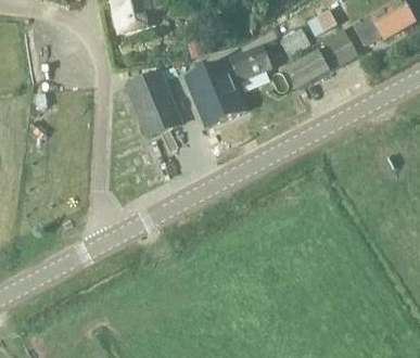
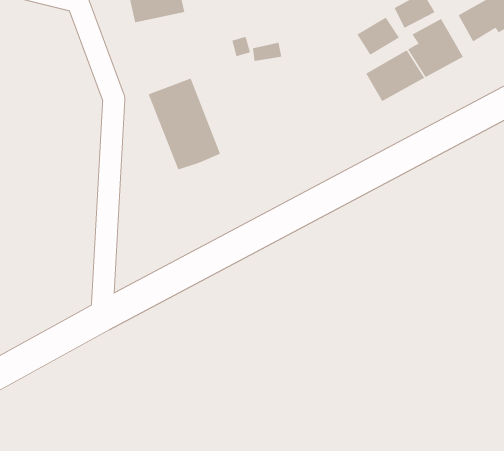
building: [229,38,282,80] -> none
building: [187,66,247,132] -> none

